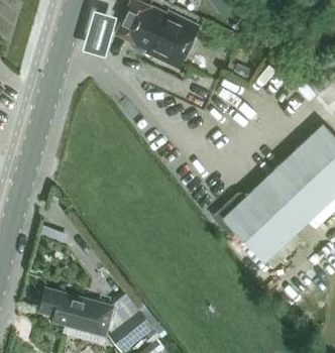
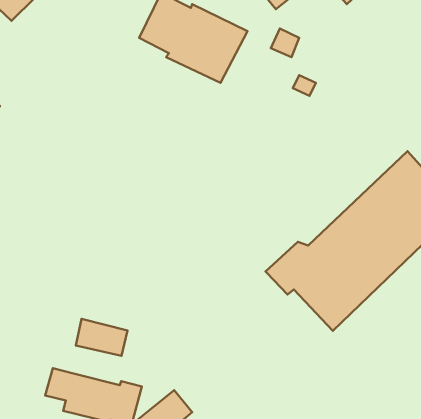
building: [81,9,114,53] -> none
building: none -> [76,319,128,356]

